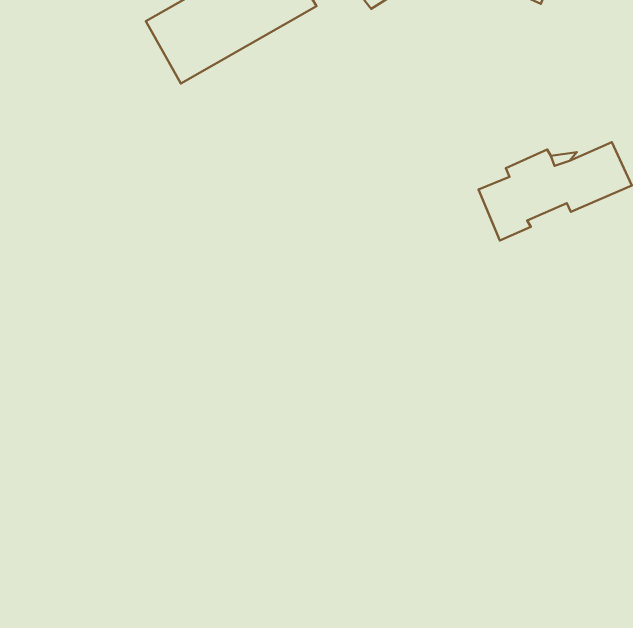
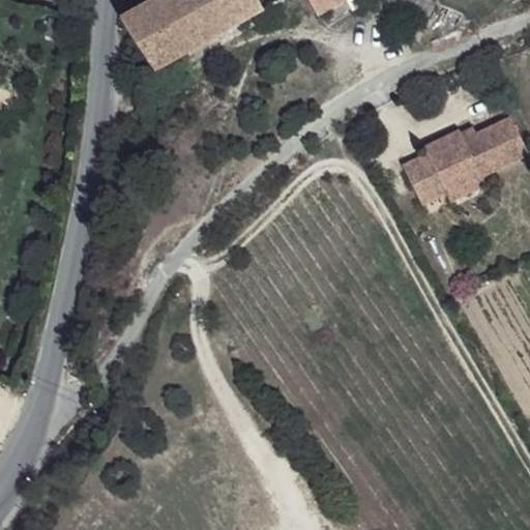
building: none -> [441,169,492,201]

